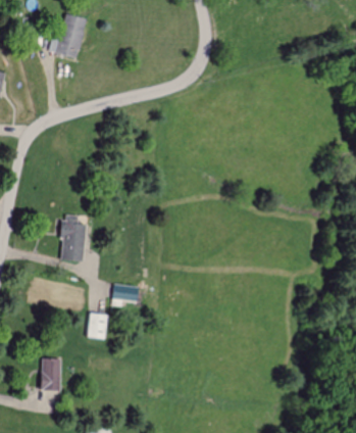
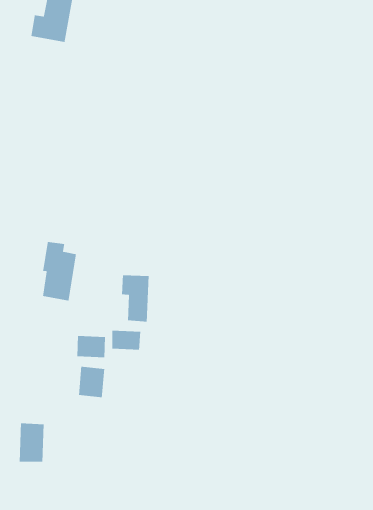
building: none -> [121,274,149,322]
building: none -> [77,335,106,358]

